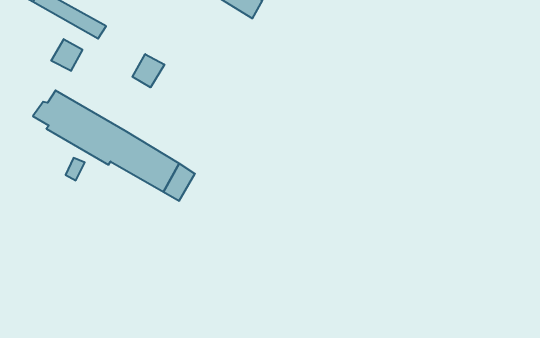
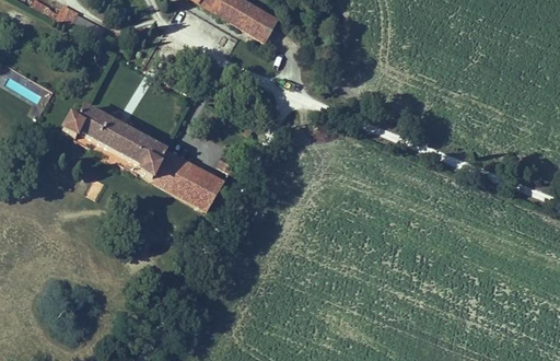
building: [51,39,82,71] -> none
building: [132,54,164,87] -> none

